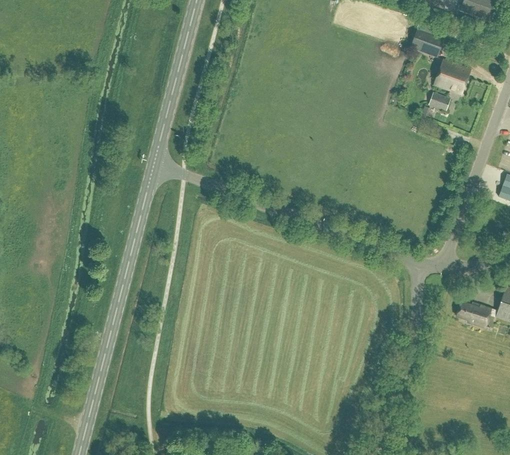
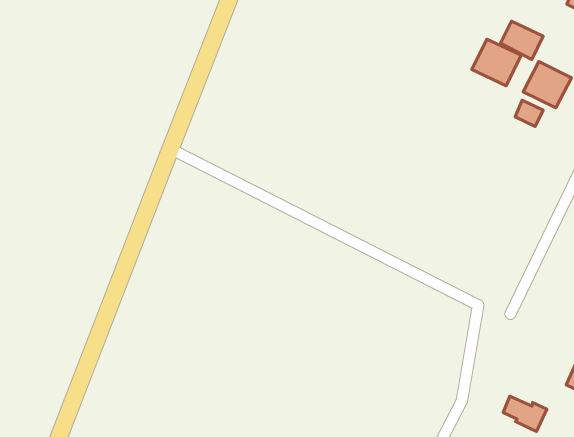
building: none -> [472,39,521,86]
building: [456,302,491,328] -> [503,396,547,431]

